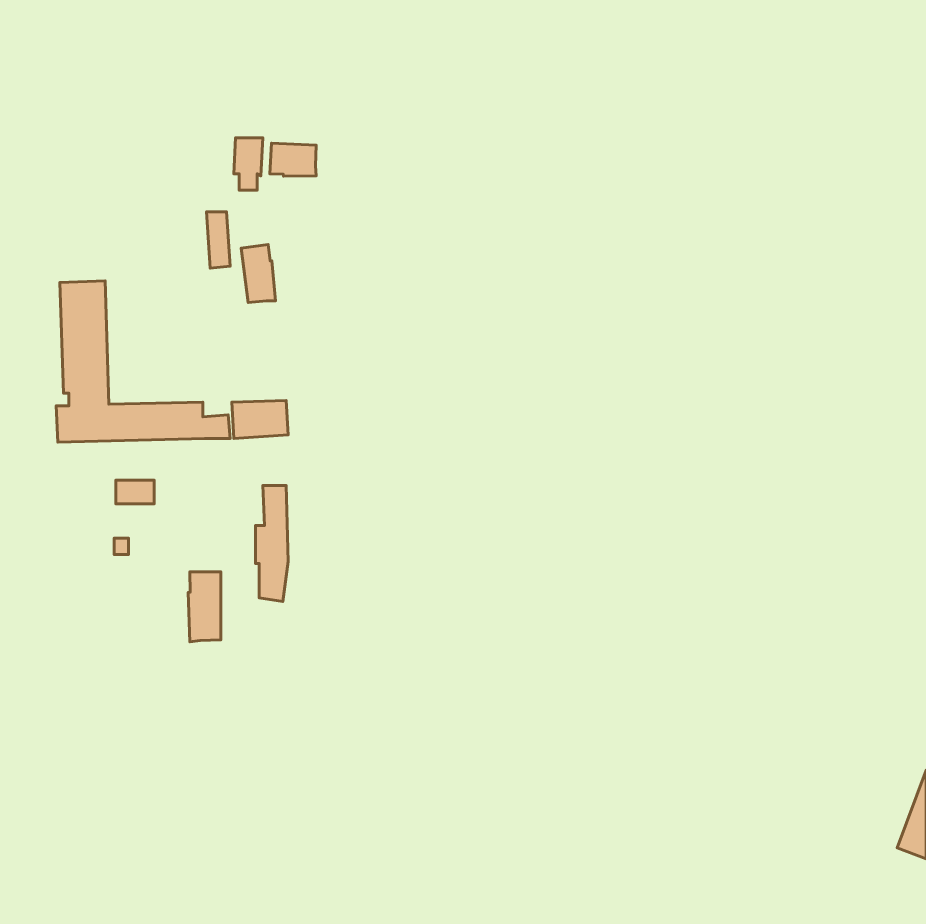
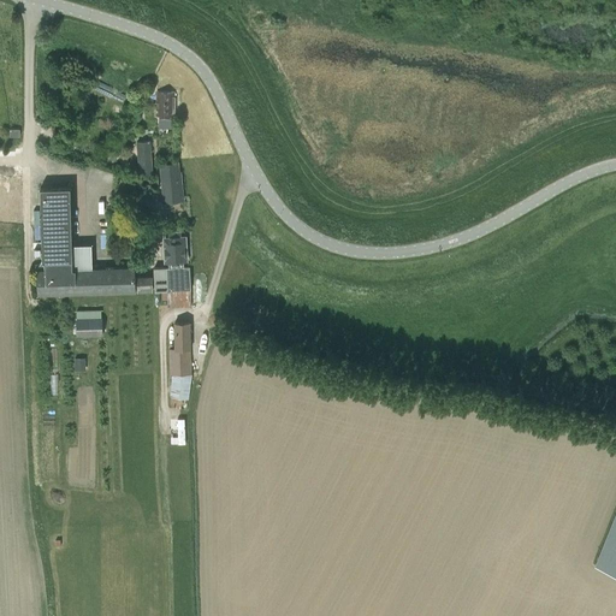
building: [270,143,316,176] -> none
building: none -> [165,232,186,262]
building: [188,572,221,642] -> none

